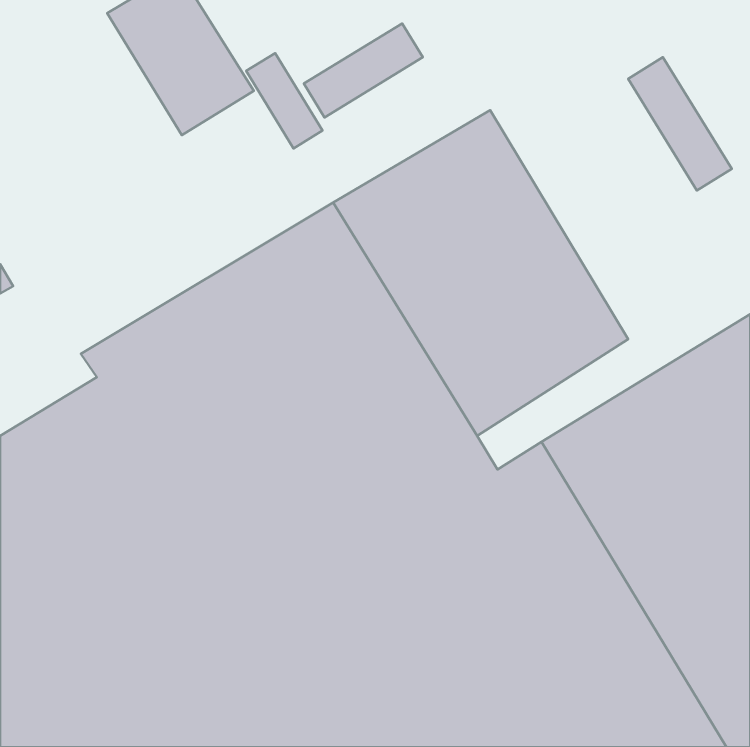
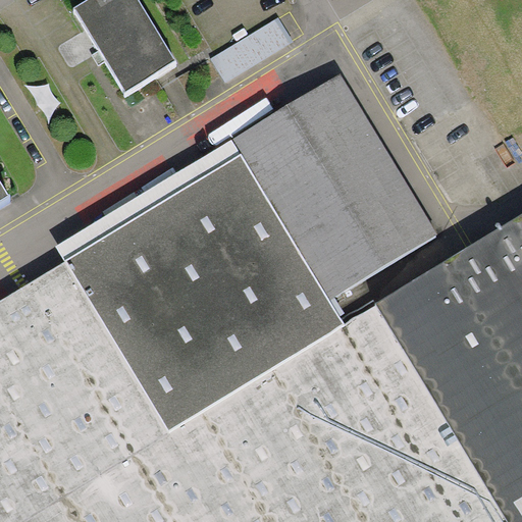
building: [246,53,323,148] -> none
building: [628,57,732,190] -> none

